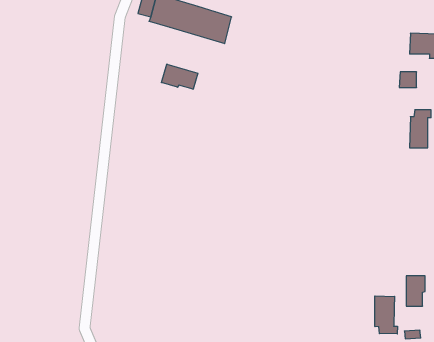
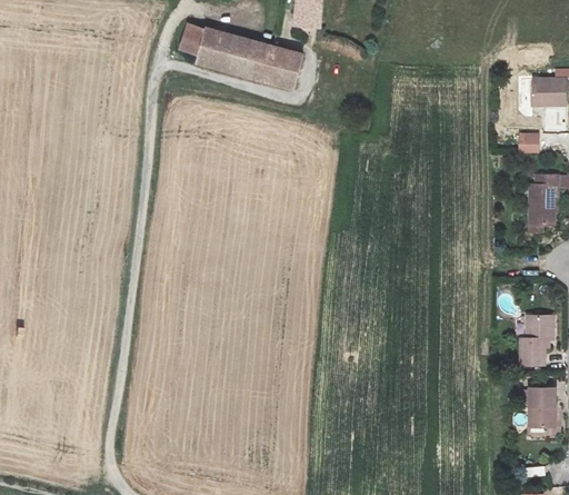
building: [161,64,198,89] -> none
building: none -> [519,316,550,365]
building: [375,296,397,334] -> none

